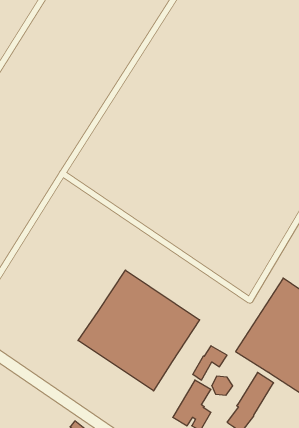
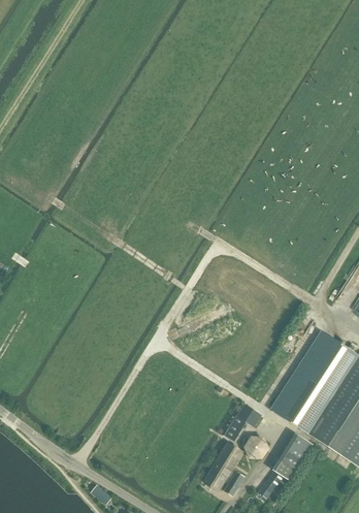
building: [78,270,200,391] -> none

